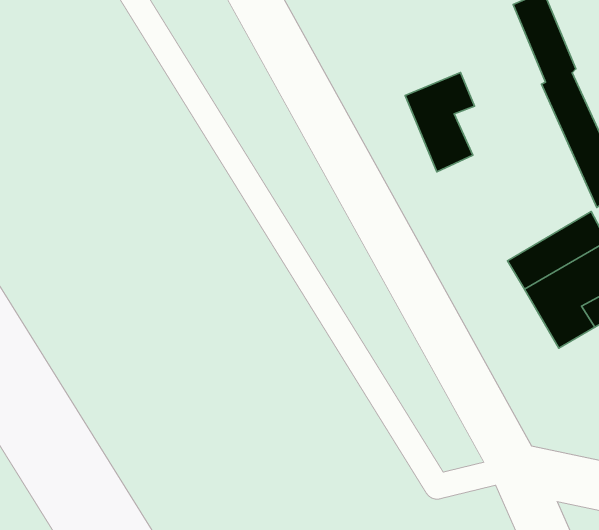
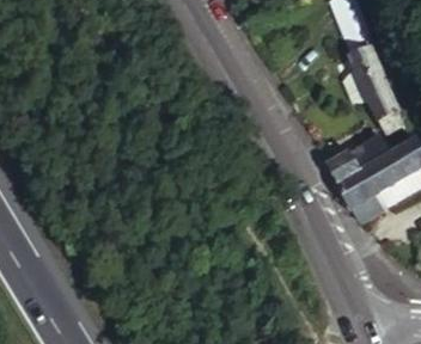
building: [405,72,475,172] -> none

